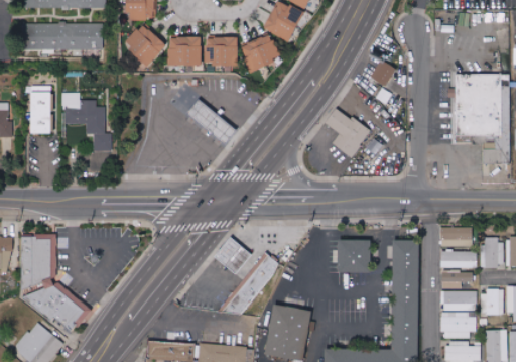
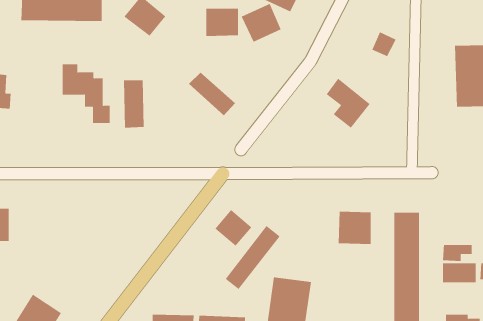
building: [168,35,203,66] -> none
building: [30,86,51,134] -> [123,80,145,128]
building: [440,227,472,246] -> none
building: [21,235,91,333] -> none
building: [440,251,477,268] -> none
building: [441,313,476,338] -> none

